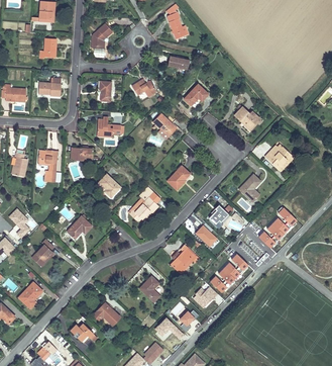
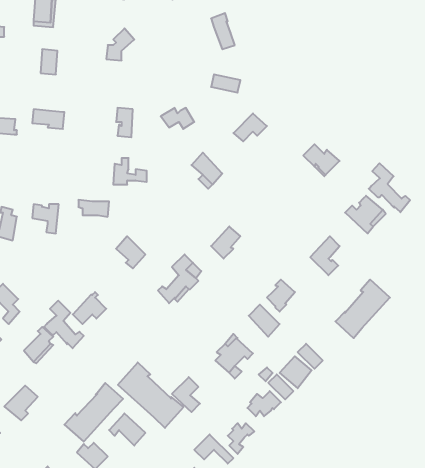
building: none -> [369,163,410,212]
building: none -> [44,301,84,348]
building: none -> [118,362,183,428]
building: none -> [64,383,123,442]

